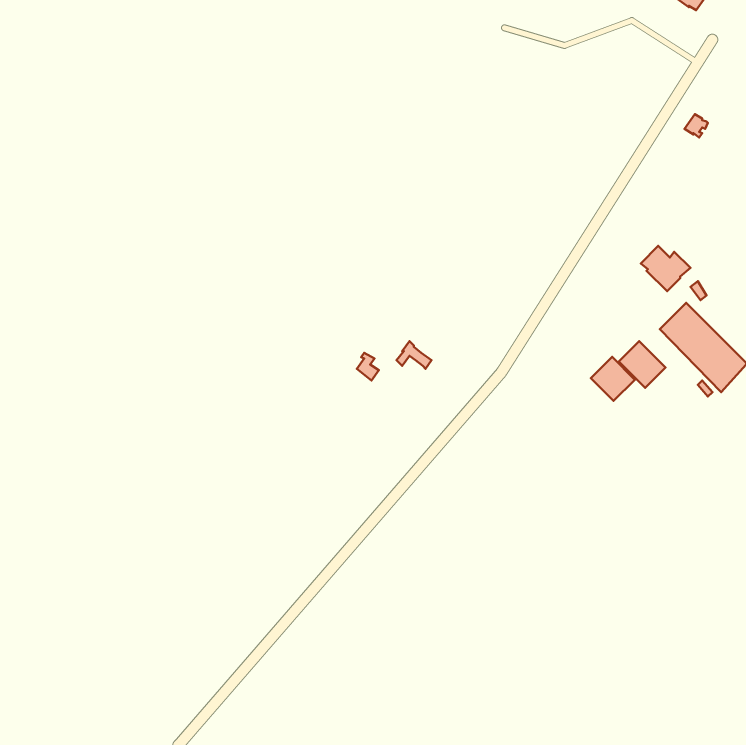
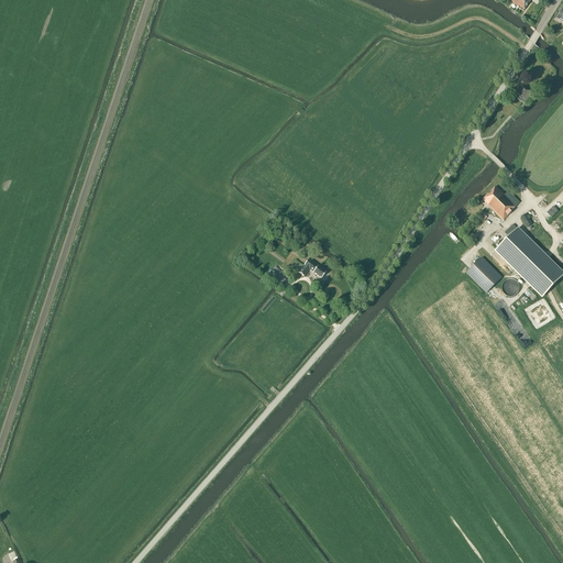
building: [591,357,635,401] -> none

